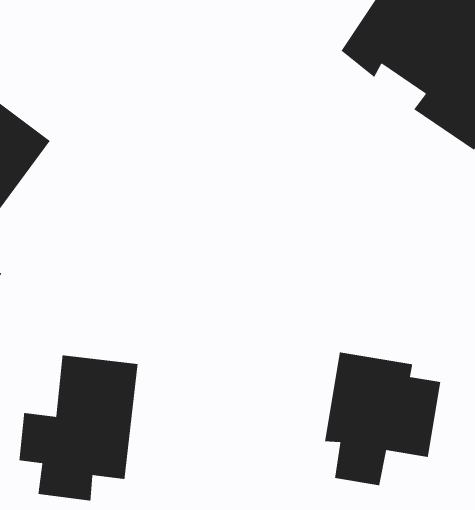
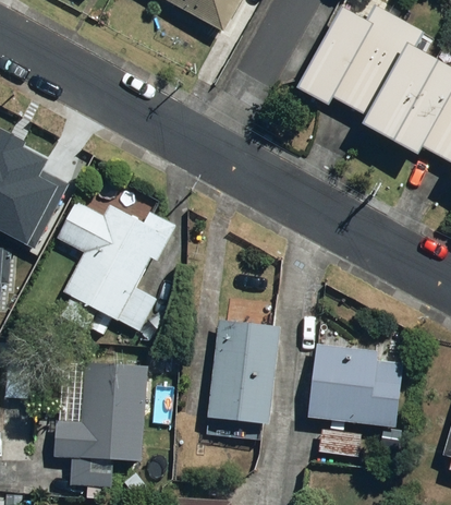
building: none -> [58,199,173,333]
building: none -> [207,318,279,442]

